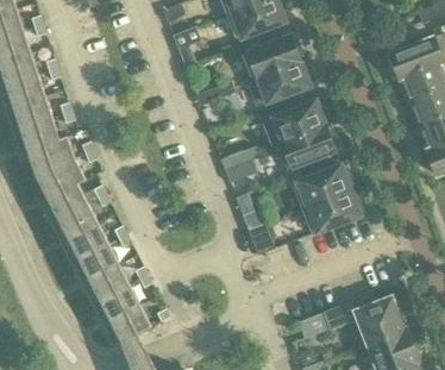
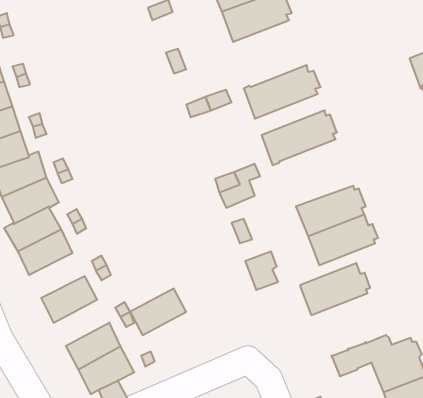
building: [243,36,302,80] -> none
building: [278,125,339,170] -> [300,263,370,315]
building: [61,224,109,263] -> none
building: [82,264,131,305] -> [130,289,186,335]

